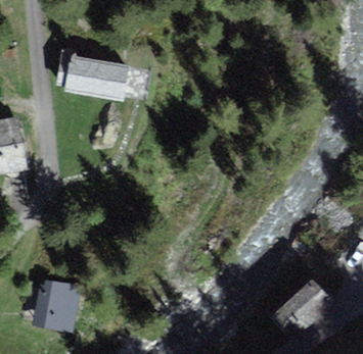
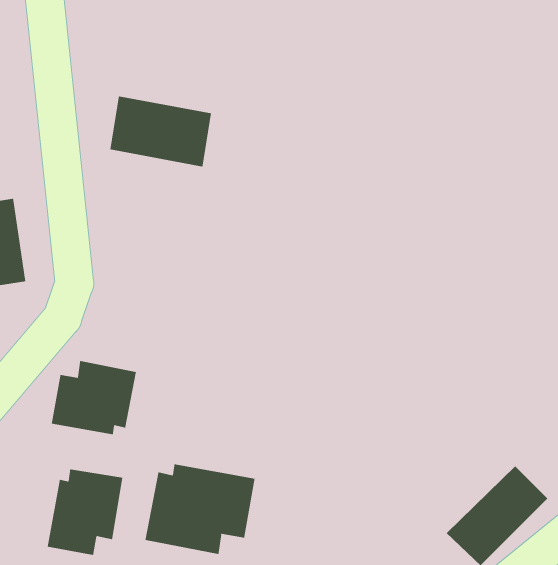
building: none -> [51,360,137,435]
building: none -> [145,464,255,555]

